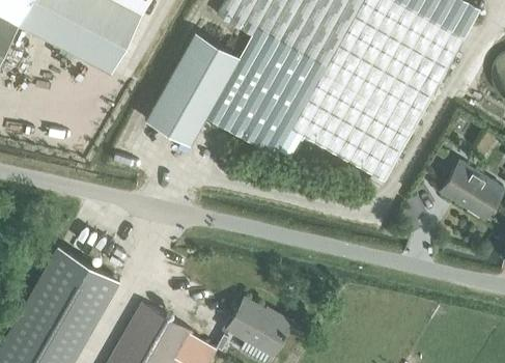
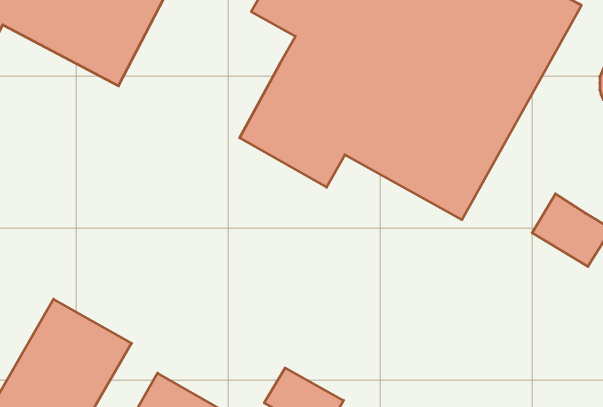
building: [144,32,239,146] -> none

